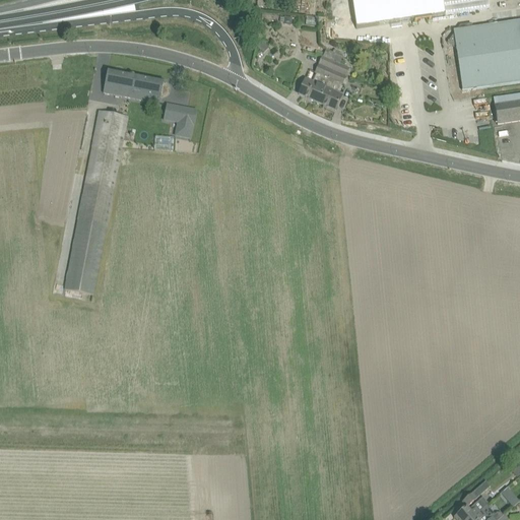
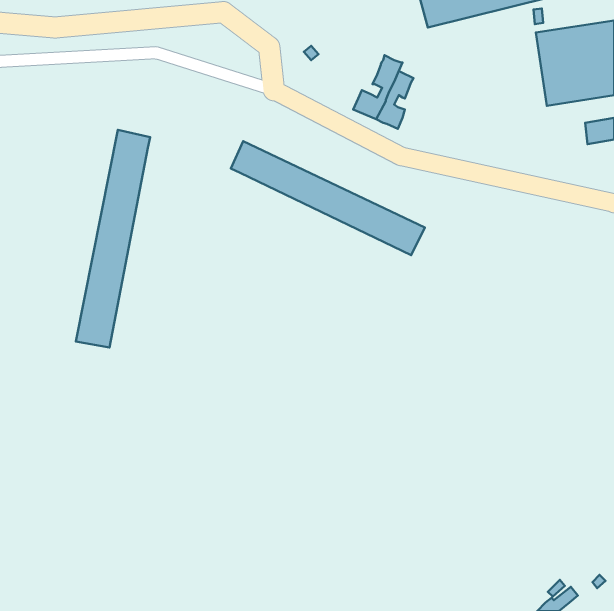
building: [103,68,164,100] -> none
building: [160,103,194,136] -> none
building: none -> [231,141,425,255]

